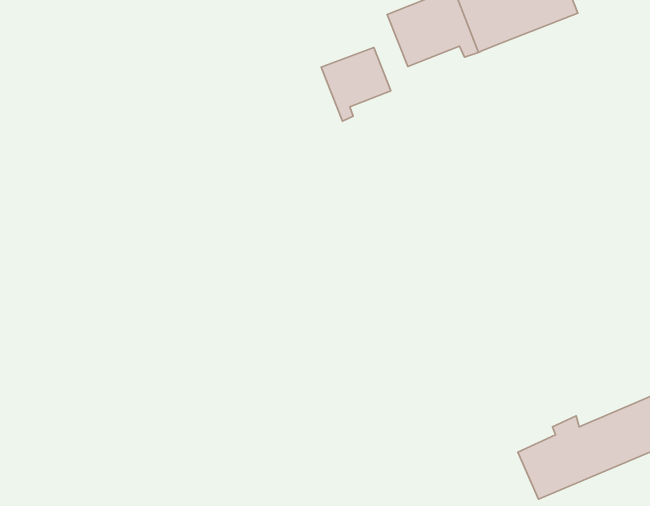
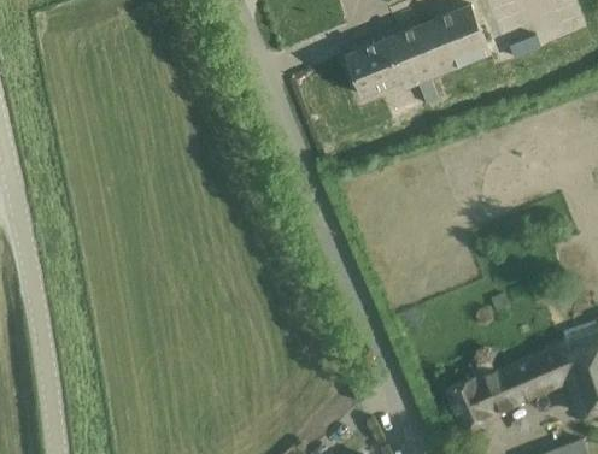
building: [321,47,391,121] -> none

